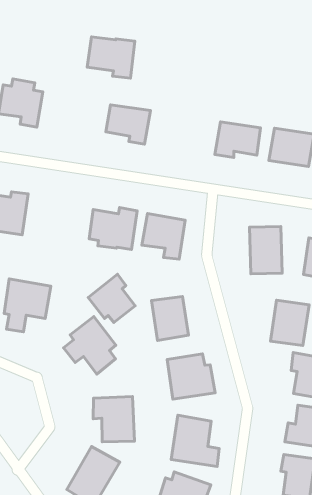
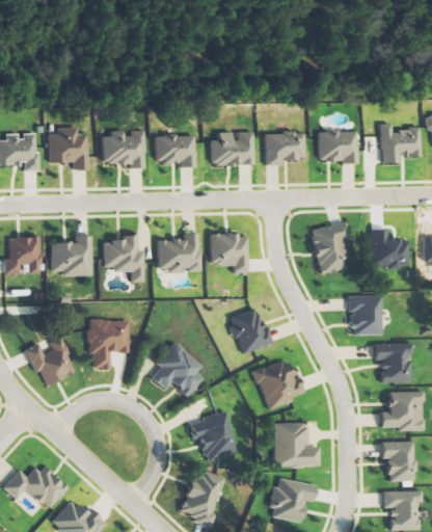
building: [87,37,135,78] -> [101,131,145,168]
building: none -> [210,131,253,165]
building: none -> [102,238,143,282]
building: [88,274,135,322] -> none

